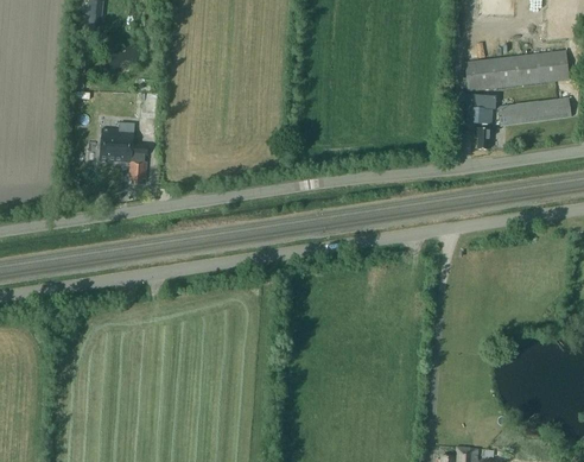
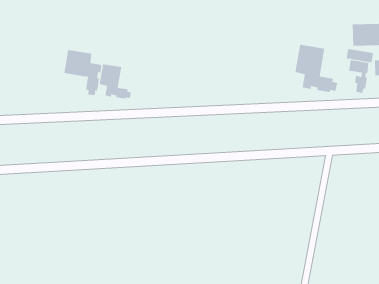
building: none -> [295,44,338,93]
building: none -> [99,63,131,100]

